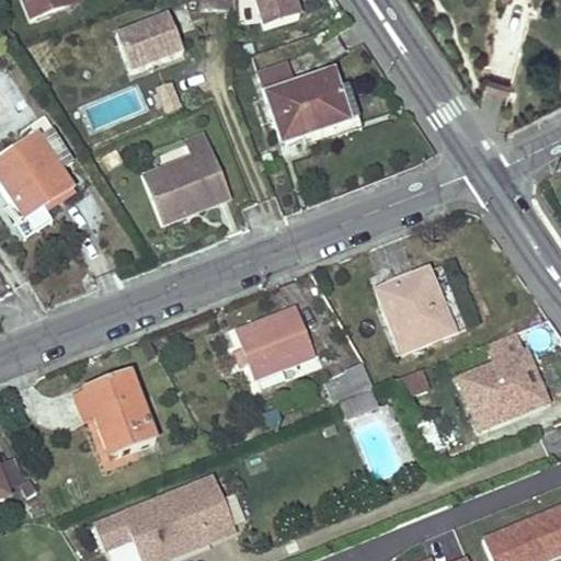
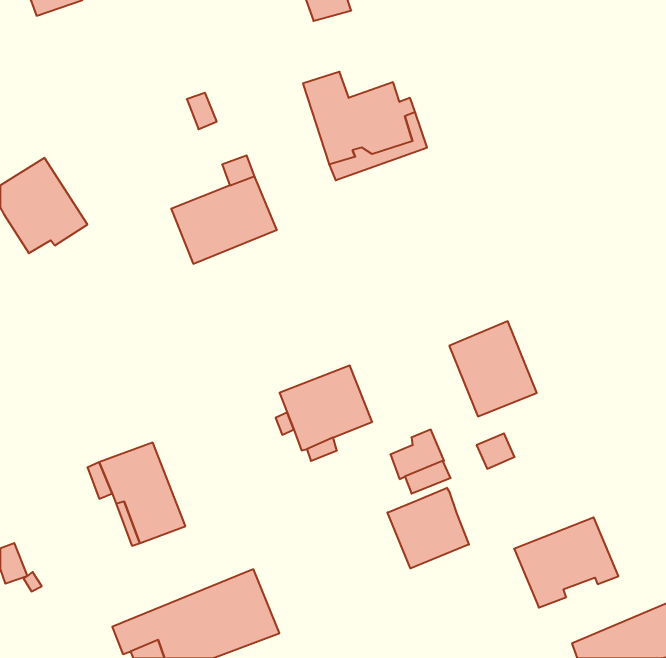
building: [115,9,183,68] -> none
building: [460,351,548,426] -> [514,517,618,608]
building: none -> [387,488,469,568]

